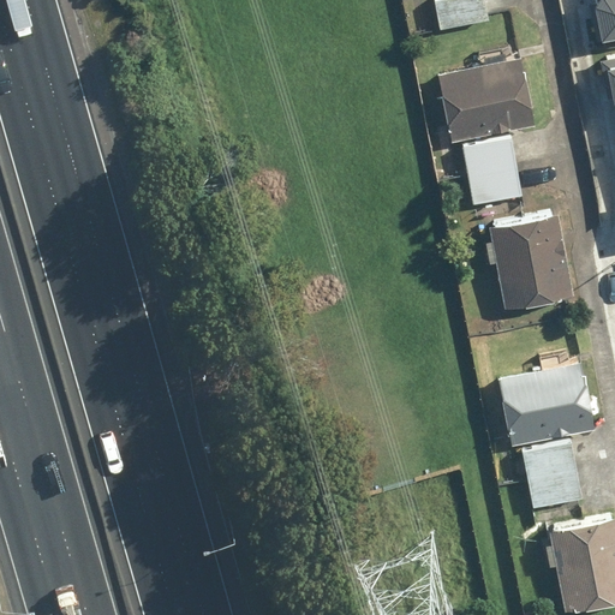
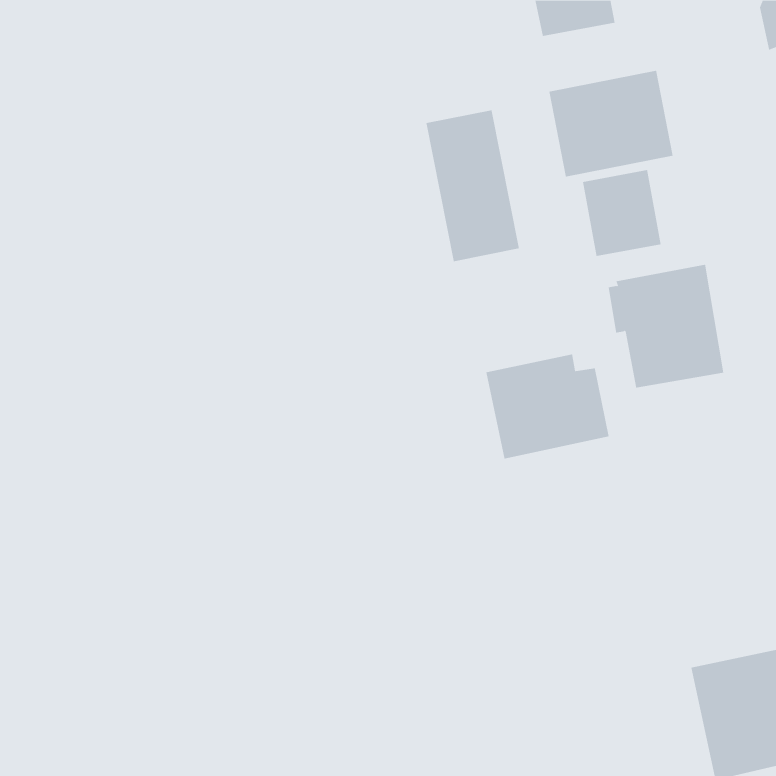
building: none -> [426,109,519,262]
building: [498,364,596,447] -> [486,354,609,459]
building: [521,442,583,509] -> none

